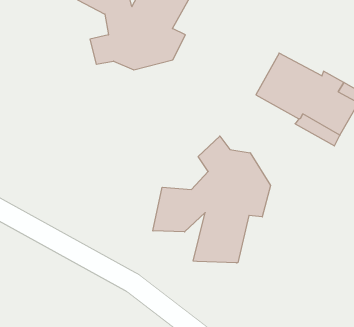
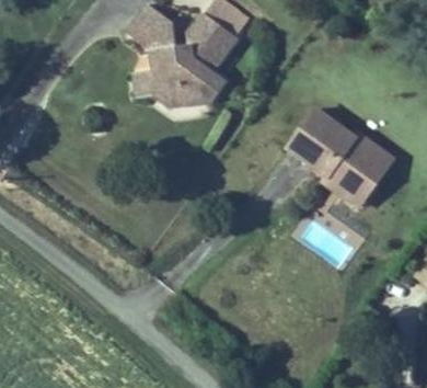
building: [153,136,270,263] -> none

